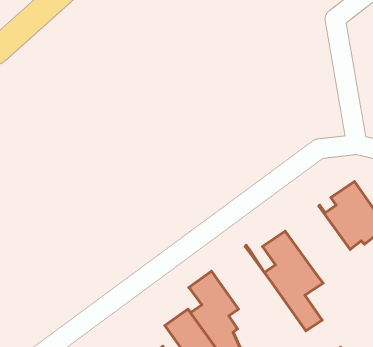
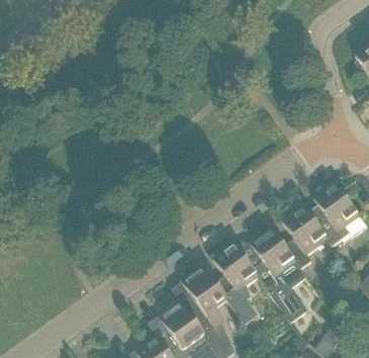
building: none -> [271,204,332,268]
building: none -> [202,242,259,322]

